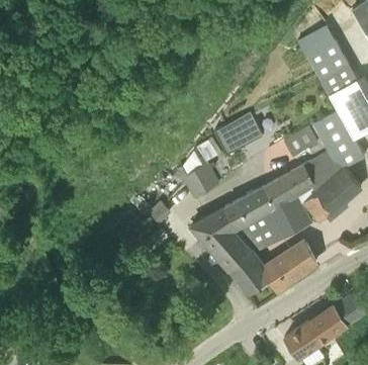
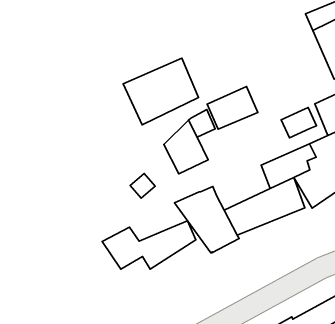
building: none -> [123,58,199,125]
building: [225,184,279,229] -> none
building: [229,244,316,293] -> [102,221,196,269]

